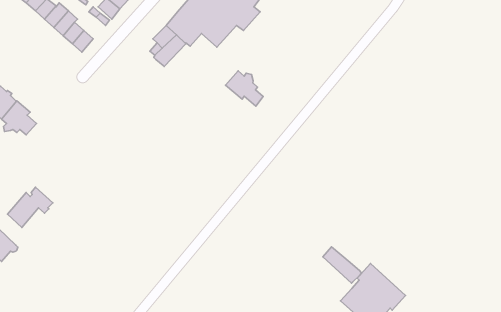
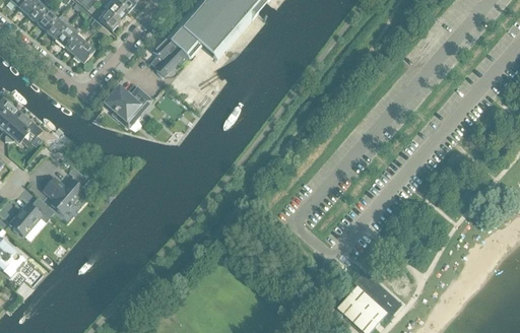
building: [226,71,263,106] -> none
building: none -> [106,87,152,122]
building: none -> [42,166,87,214]
building: [323,247,361,283] -> none

